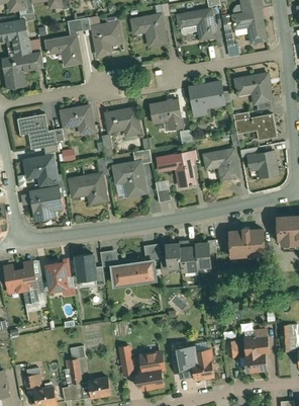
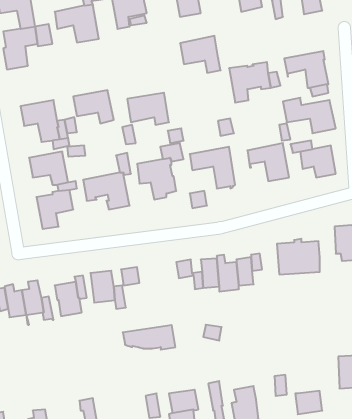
building: [151,99,184,130] -> [180,36,221,73]
building: [112,261,156,281] -> [123,325,175,350]
building: [244,330,269,355] -> none

